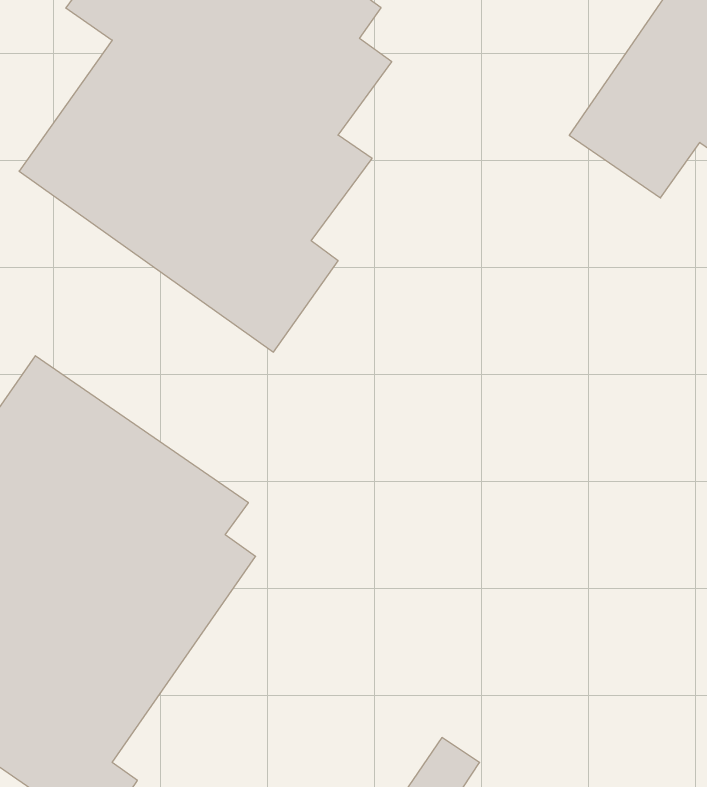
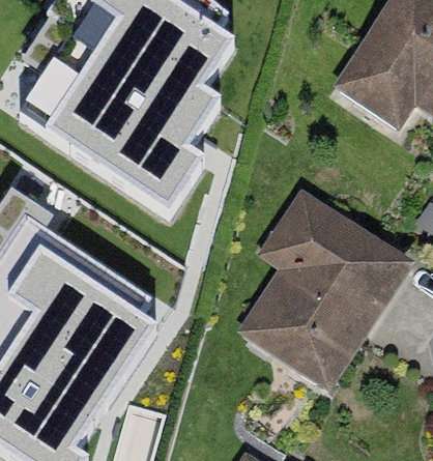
building: none -> [243,207,399,376]

